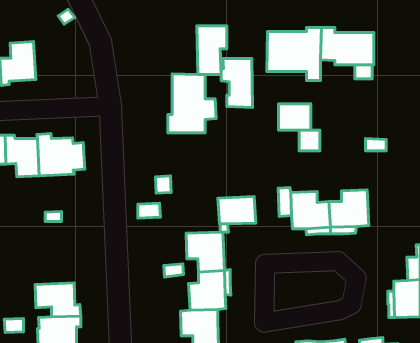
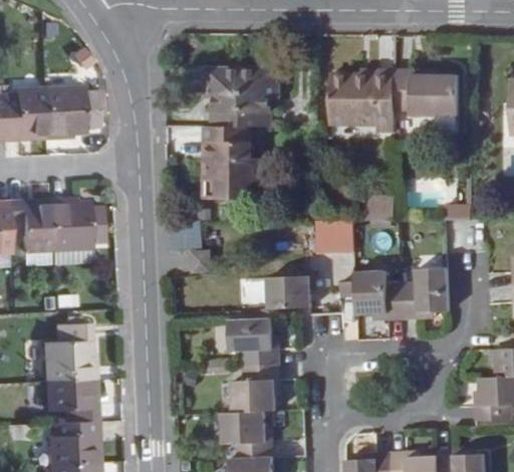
building: none -> [43,85,103,137]
building: [221,59,253,107] -> [204,68,242,128]
building: [279,104,311,130] -> [311,218,350,250]
building: none -> [44,322,98,382]

